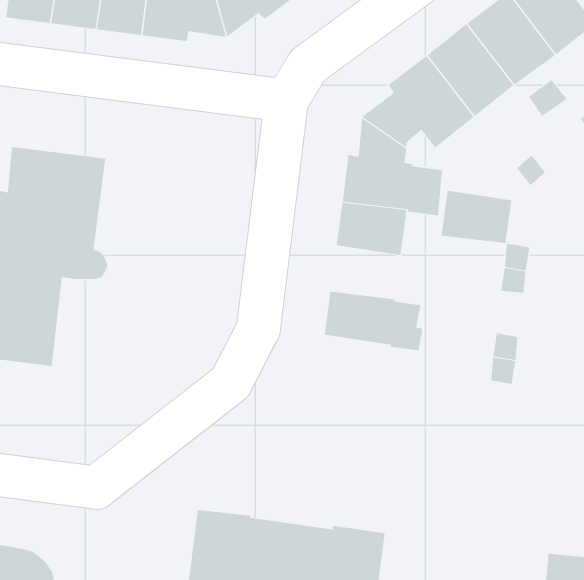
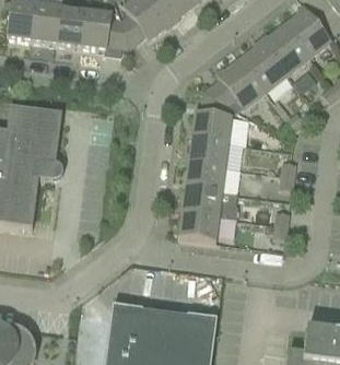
building: [441,190,512,244] -> [186,161,225,190]
building: none -> [179,210,219,240]

